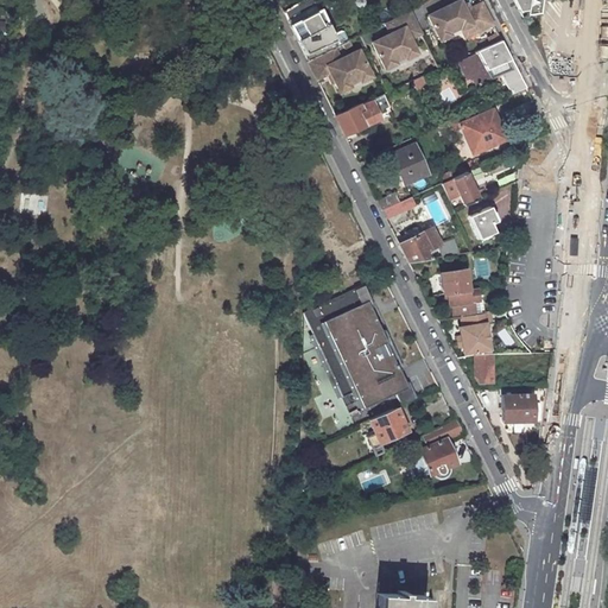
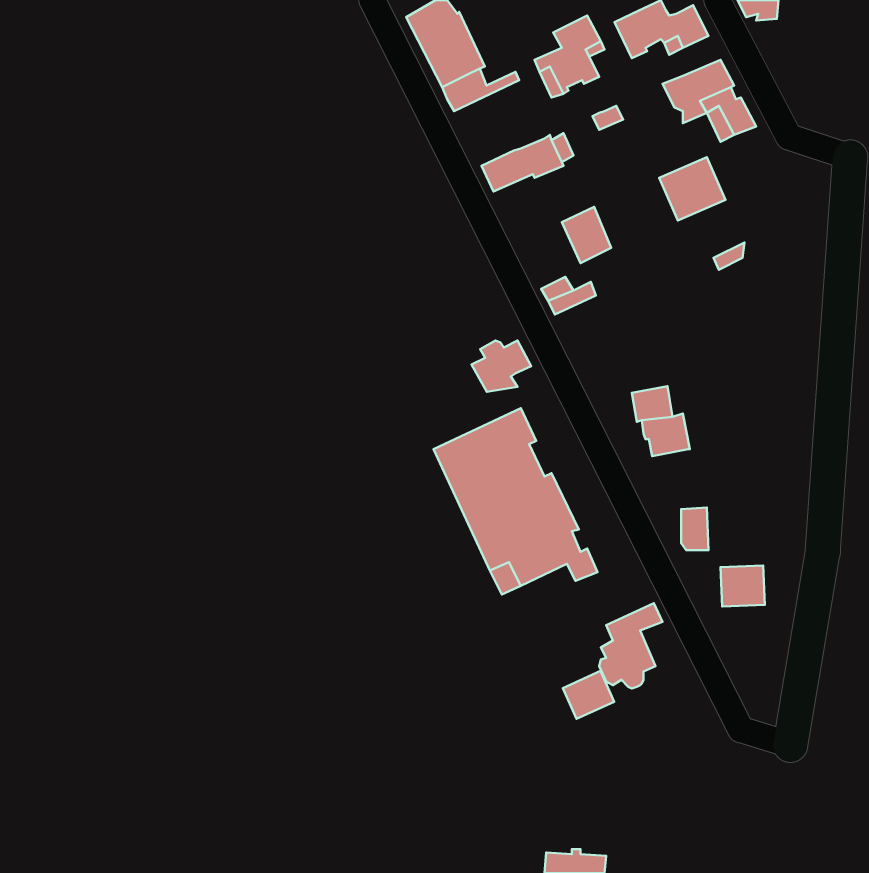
building: [318,56,373,90] -> none
building: [443,171,480,204] -> none
building: [470,207,499,239] -> none
building: [400,227,442,262] -> [472,341,531,392]
building: [458,310,494,355] -> none
building: [372,407,407,441] -> [563,671,614,719]

